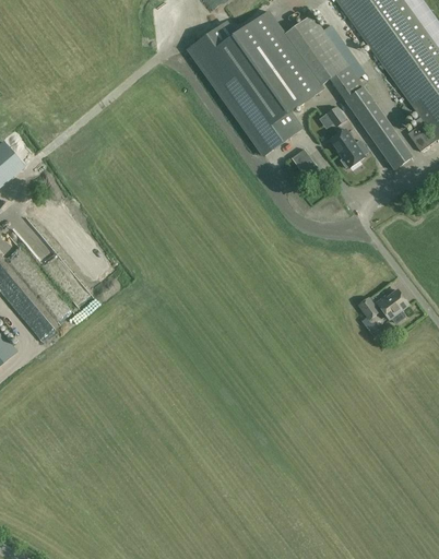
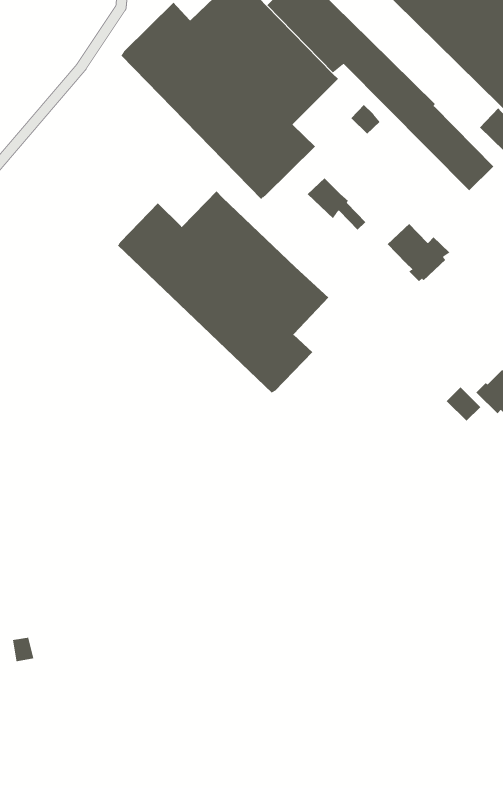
building: [330,128,369,166] -> [387,223,450,282]
building: none -> [117,191,329,393]

